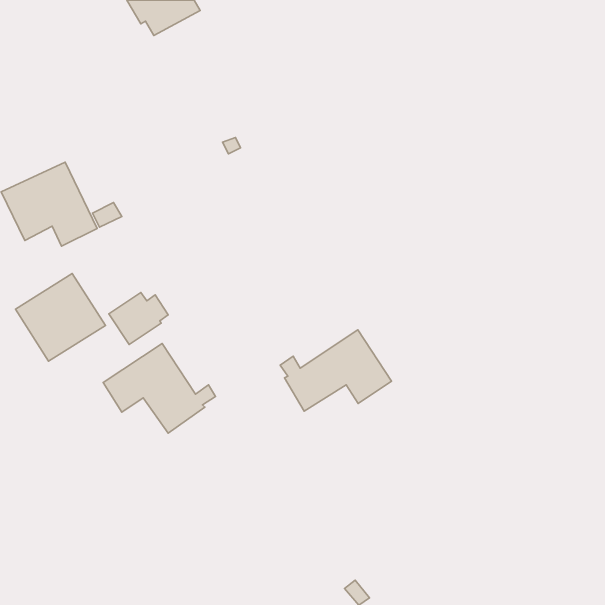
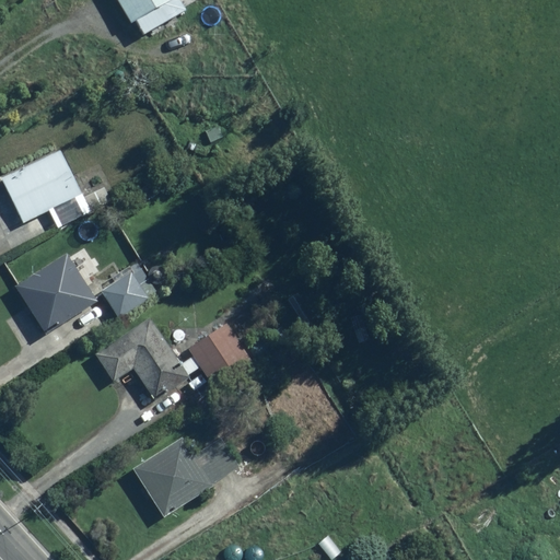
building: [280,330,391,411] -> none
building: none -> [188,323,250,386]
building: none -> [131,436,241,516]

